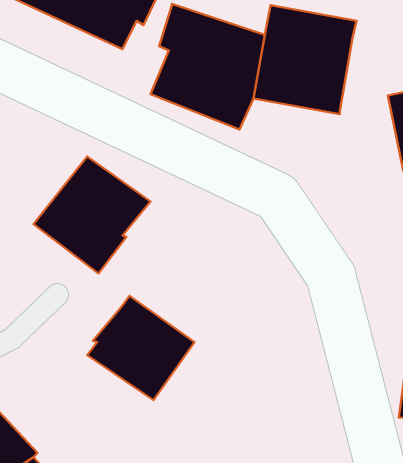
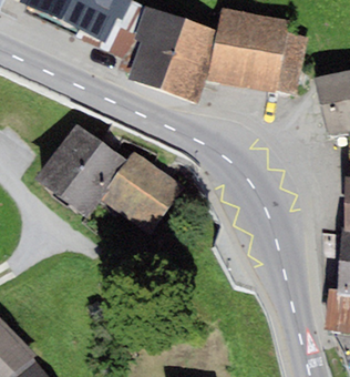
building: none -> [276,32,308,93]
building: [87,296,195,400] -> [101,152,185,234]

